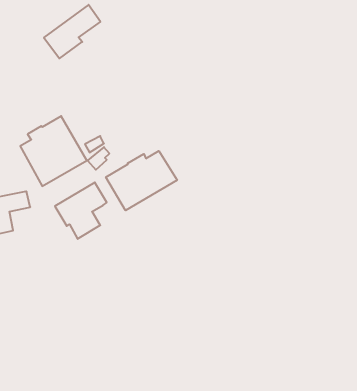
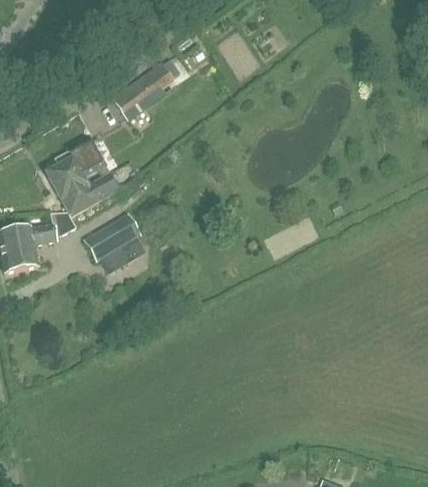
building: [44,5,100,58] -> [112,57,174,116]
building: [106,151,177,210] -> none

